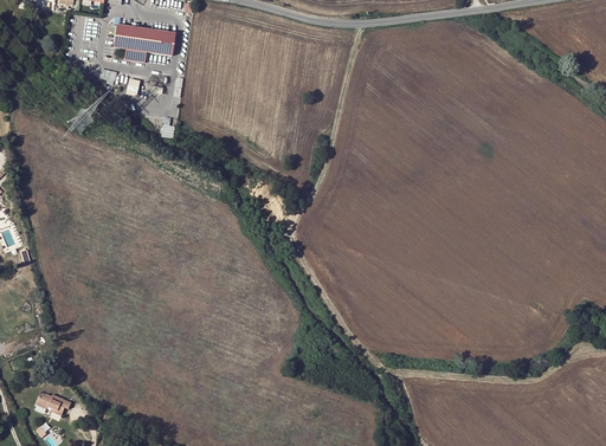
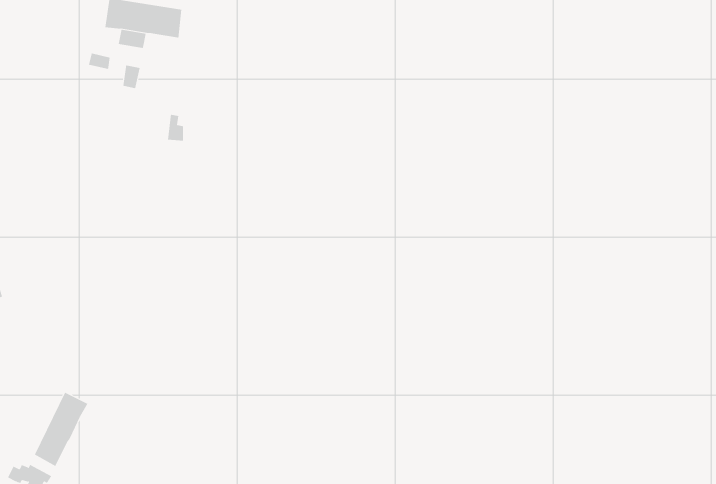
building: none -> [34,392,88,467]

